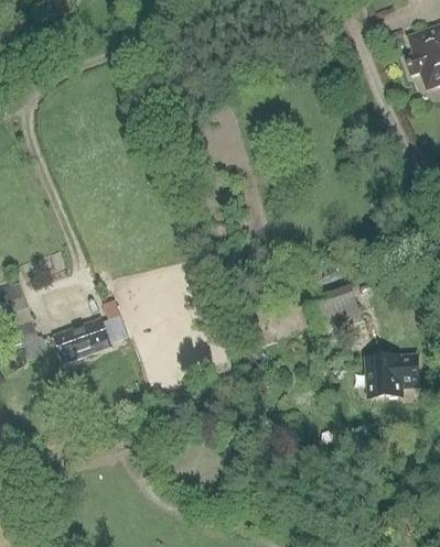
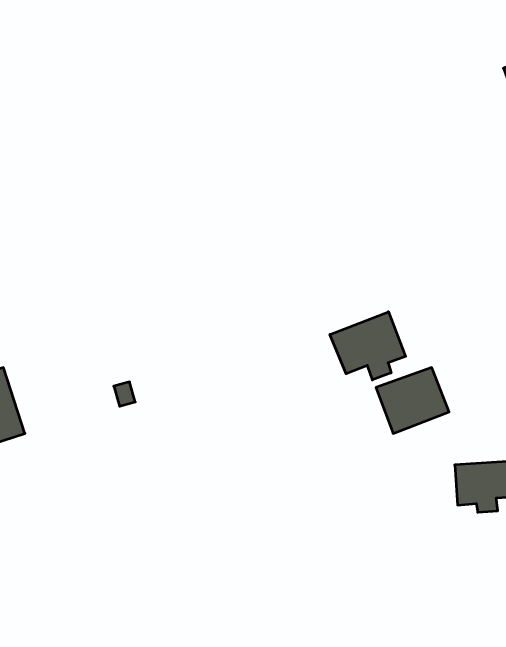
building: none -> [330,312,406,380]
building: [55,318,111,362] -> none

